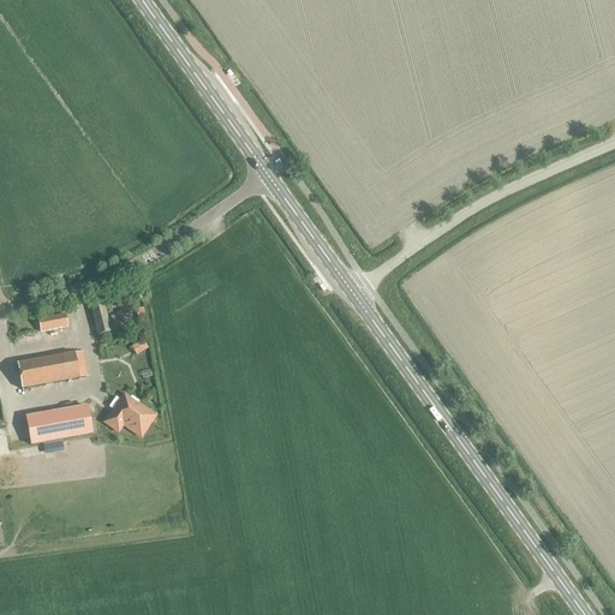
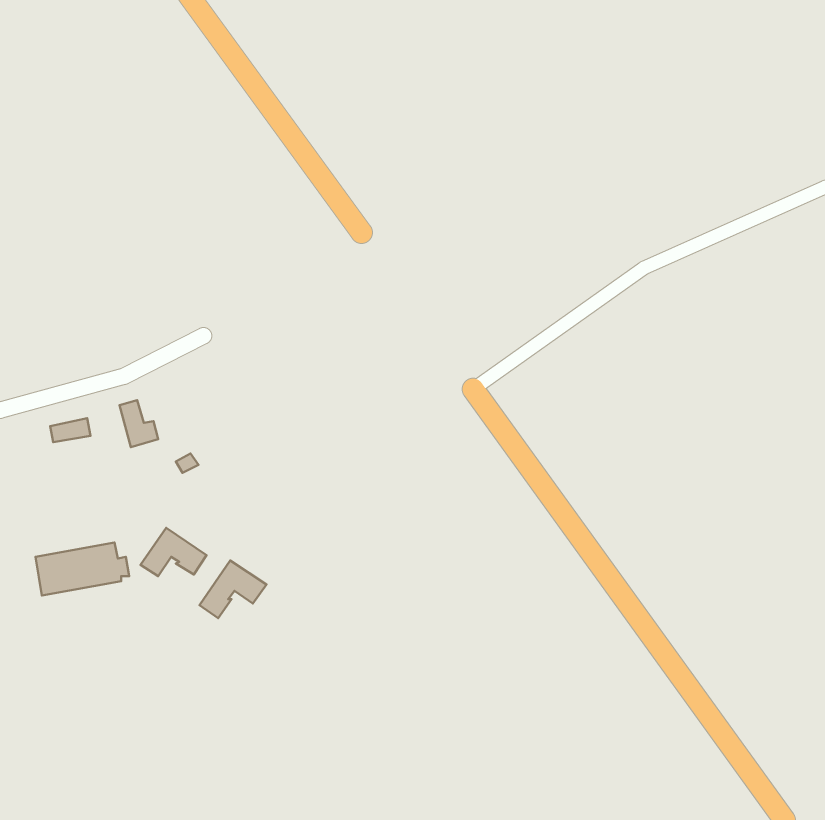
building: [16,350,85,387] -> none
building: none -> [200,560,266,618]

